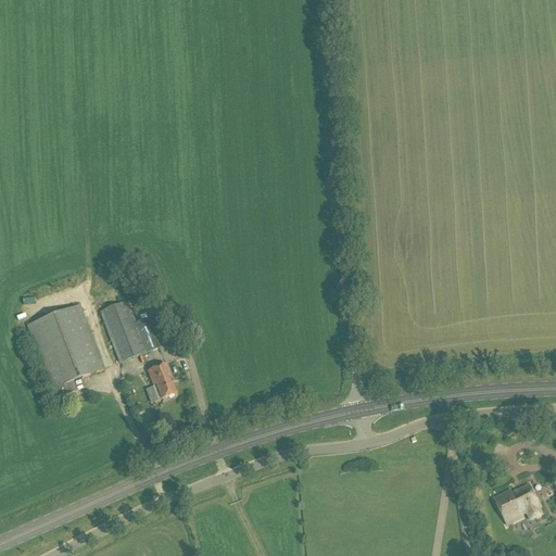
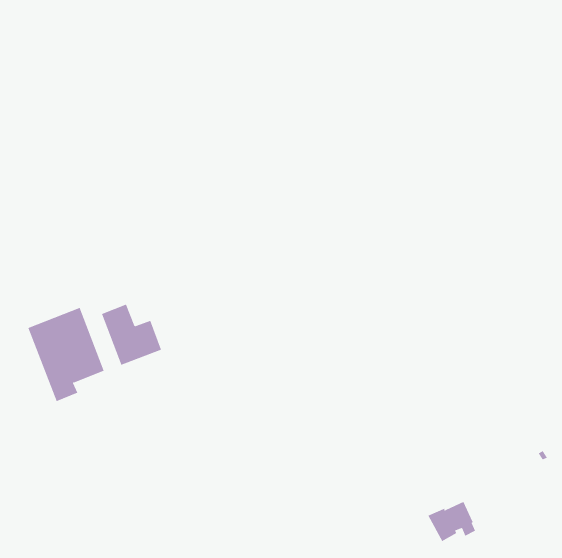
building: [148,362,176,396] -> none
building: [493,482,541,522] -> [427,501,476,542]

